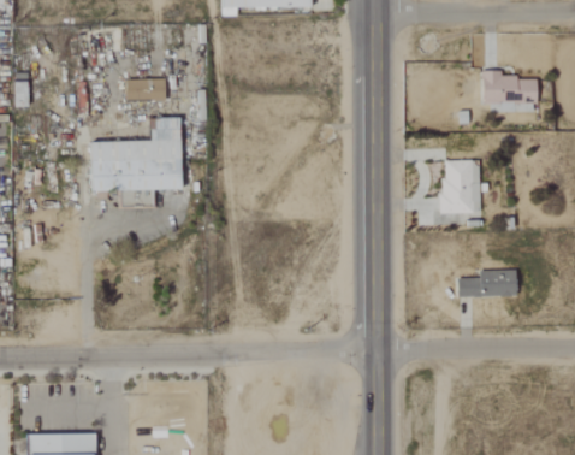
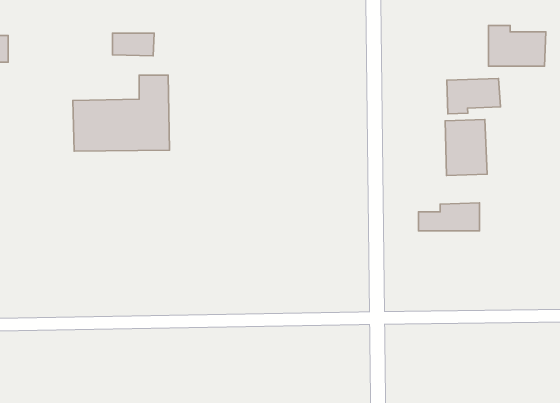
building: none -> [447,79,500,114]
building: [458,270,516,296] -> [418,203,479,231]

